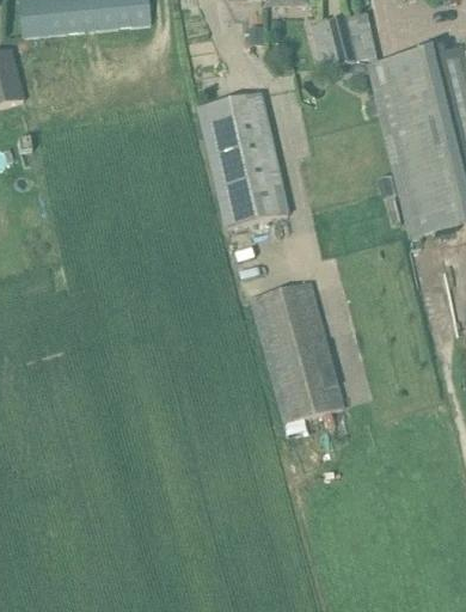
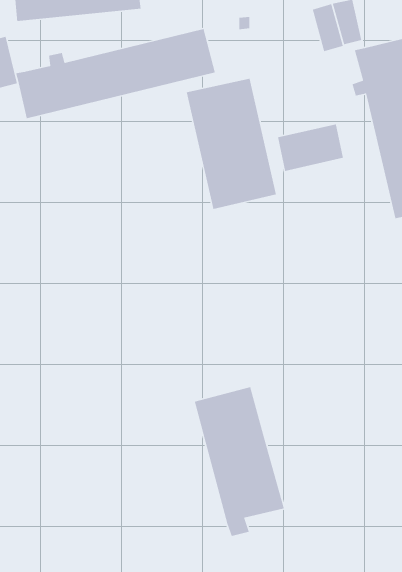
building: none -> [15,28,216,119]
building: none -> [277,123,344,172]
building: [252,281,345,435] -> [194,386,285,537]

